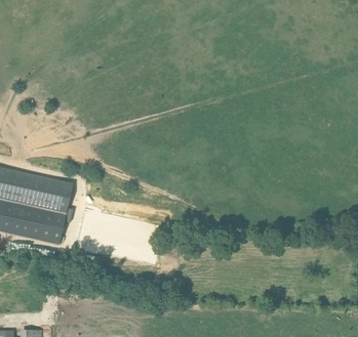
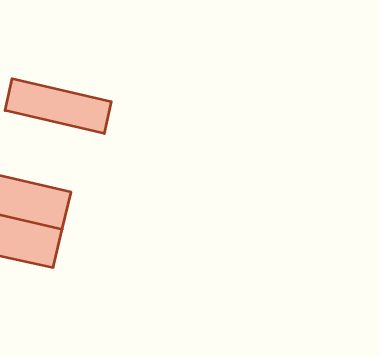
building: none -> [5,79,111,134]

